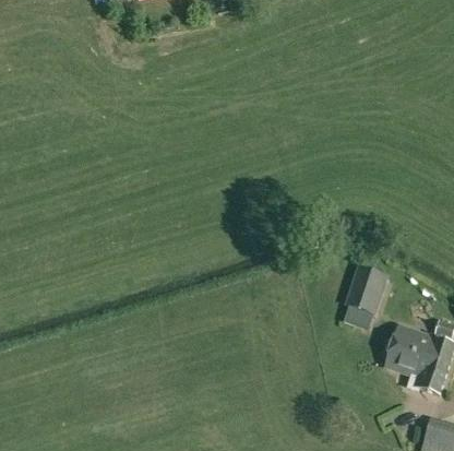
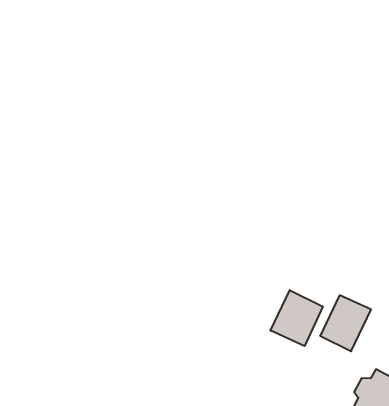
building: none -> [270,290,323,346]

